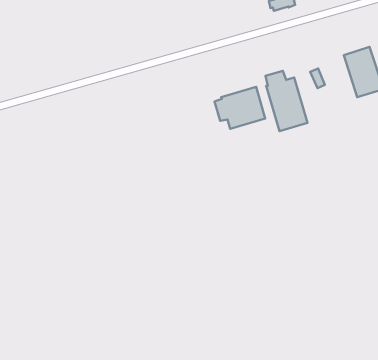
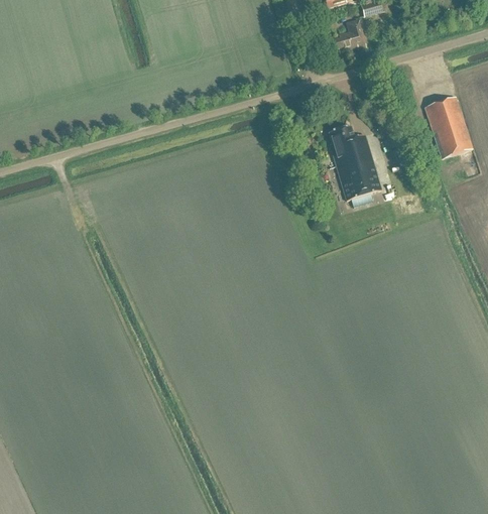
building: [215,87,265,129] -> none

